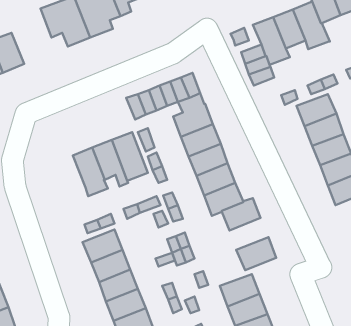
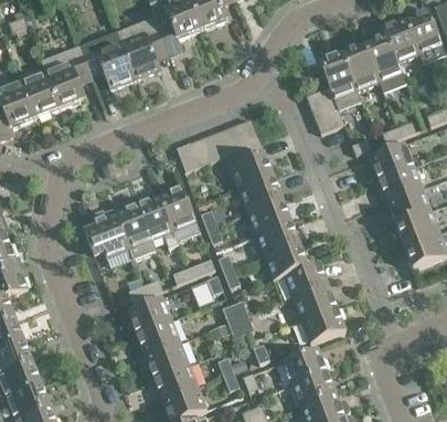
building: none -> [41,46,91,109]
building: none -> [82,213,129,259]
building: none -> [292,284,337,320]

